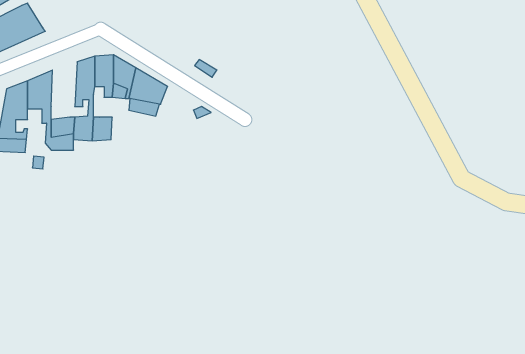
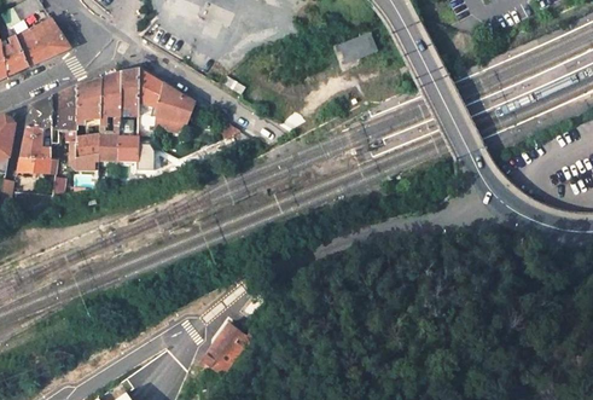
building: none -> [338,31,377,63]
building: none -> [75,79,101,129]
building: none -> [199,325,244,367]

